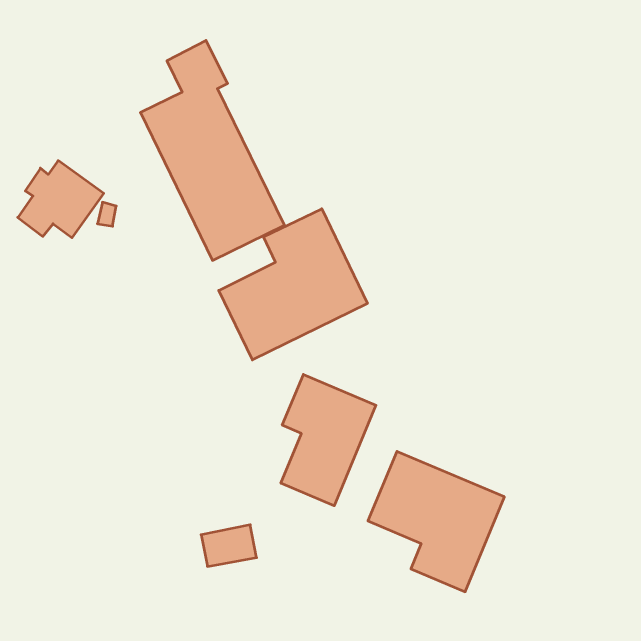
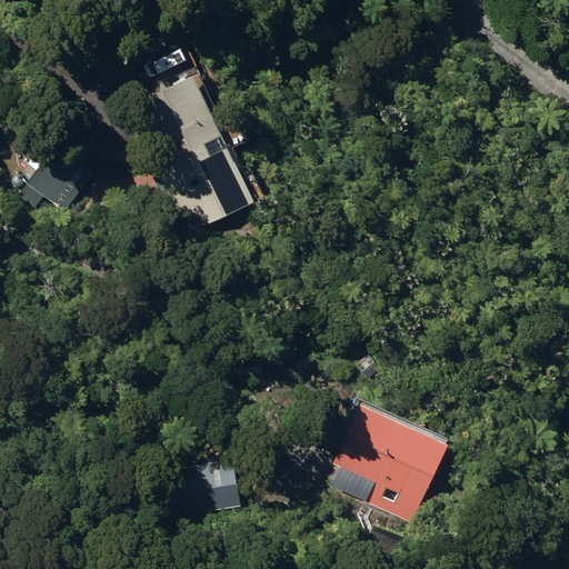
building: [219,209,367,360] -> none
building: [281,374,376,506] -> none

